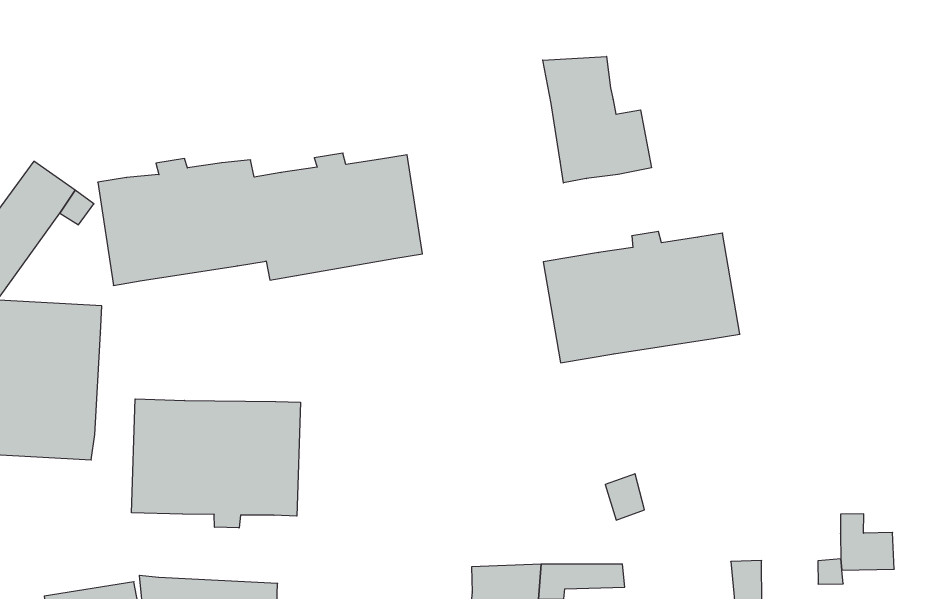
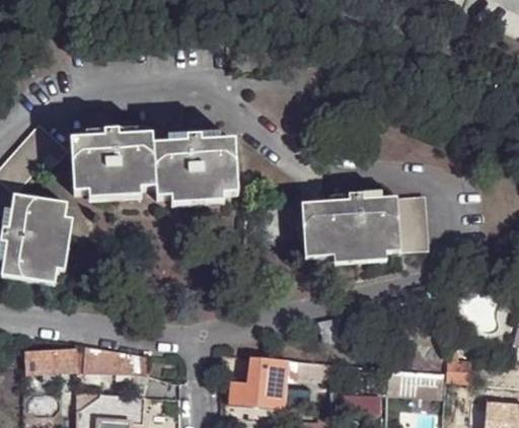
building: [543,56,651,183] -> none
building: none -> [396,196,429,251]
building: [132,399,300,528] -> none

